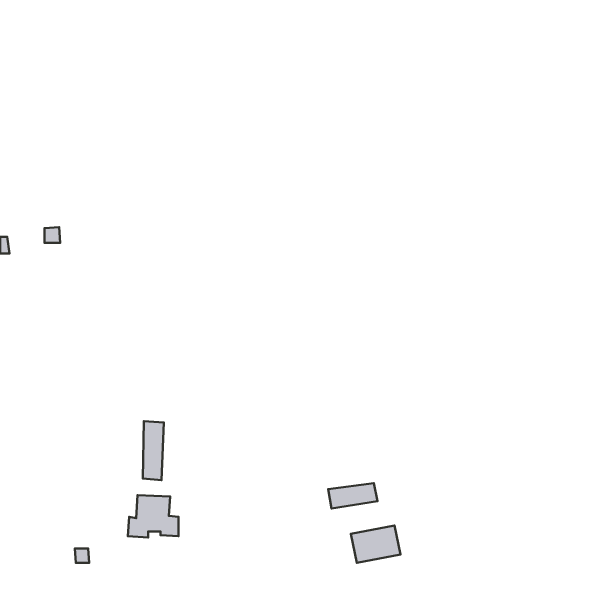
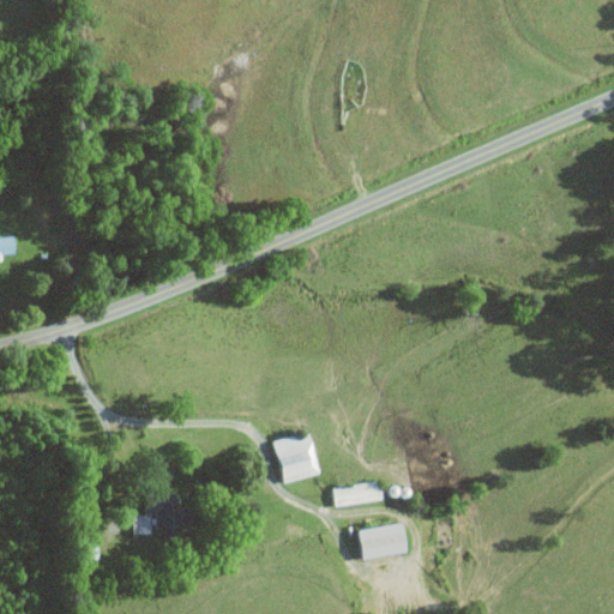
building: [143,421,164,480] -> none
building: none -> [273,432,321,483]

